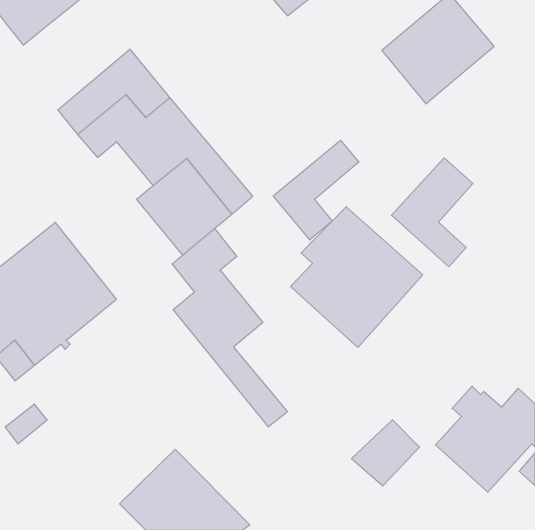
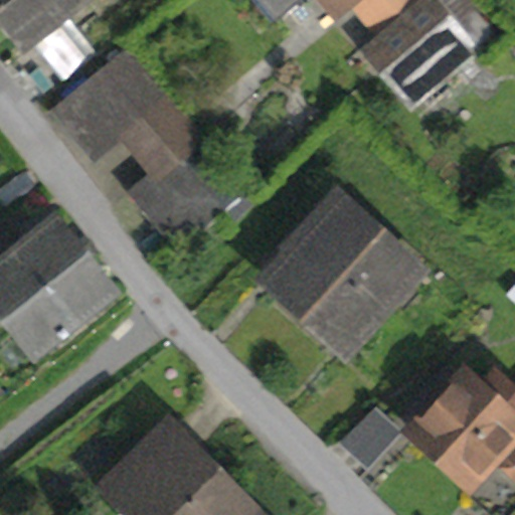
building: [273,140,359,240] -> none
building: [391,158,473,267] -> none
building: [172,228,288,427] -> none

